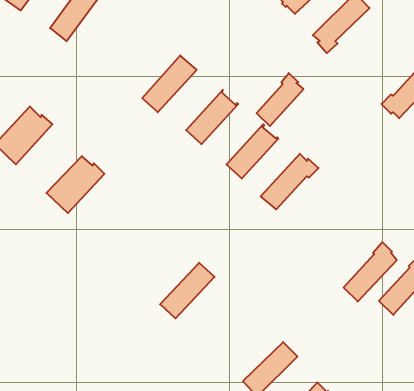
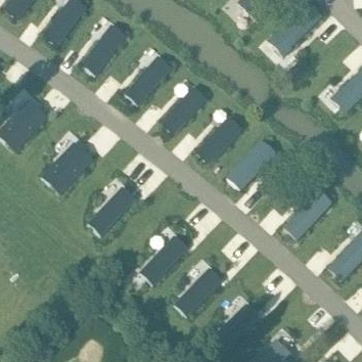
building: none -> [81,22,125,73]
building: [257,73,303,126] -> none
building: none -> [88,184,134,233]
building: [344,242,397,302] -> [283,186,329,237]
building: none -> [174,265,221,313]

